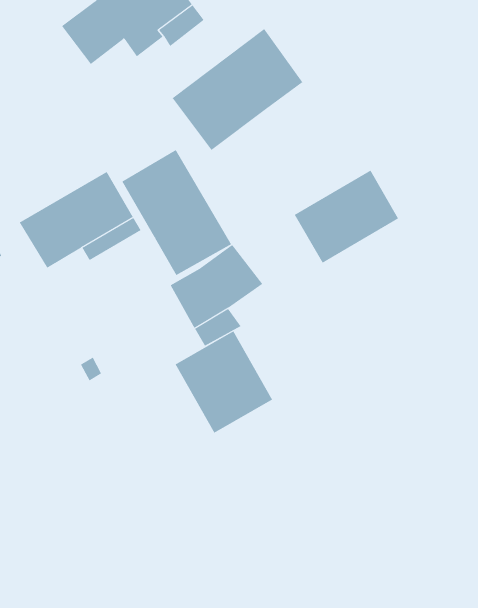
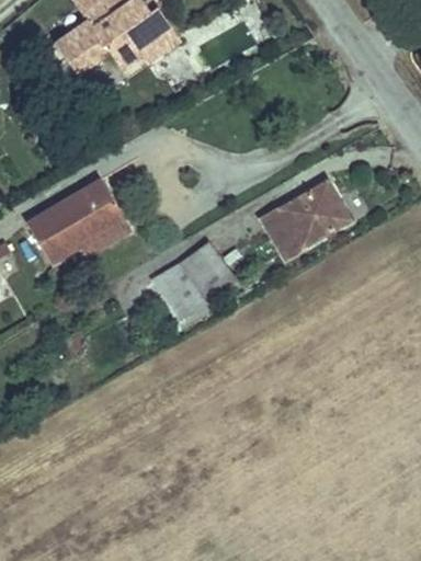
building: [172,28,303,151] -> none
building: [121,149,232,276] -> none
building: [175,331,273,433] -> none

